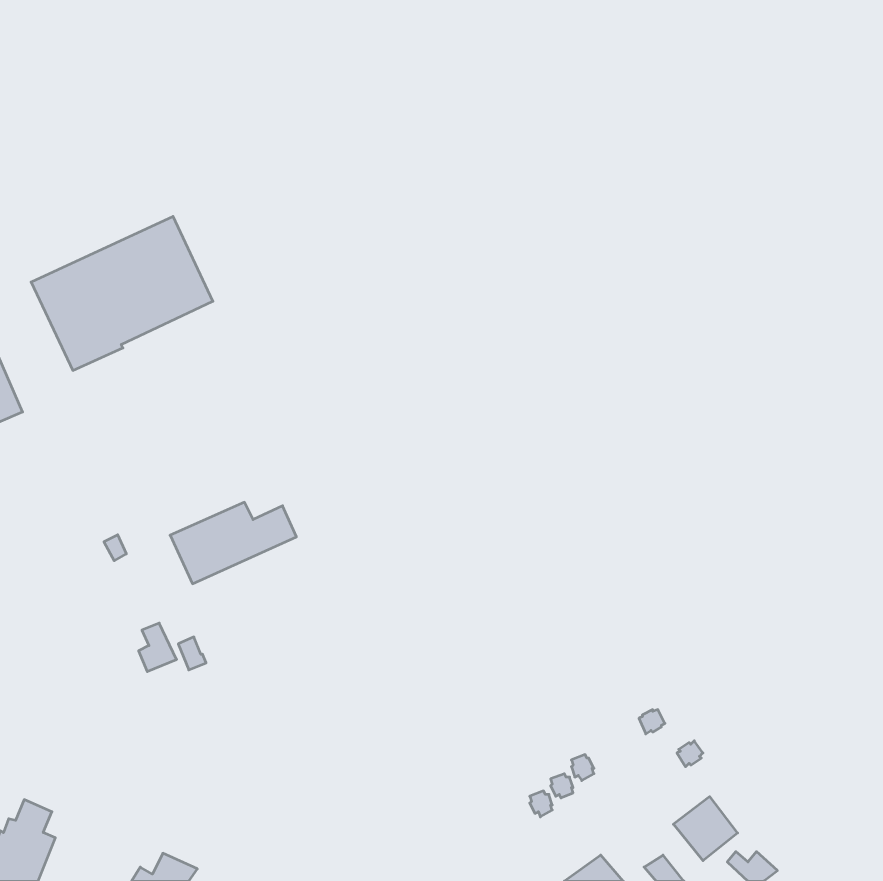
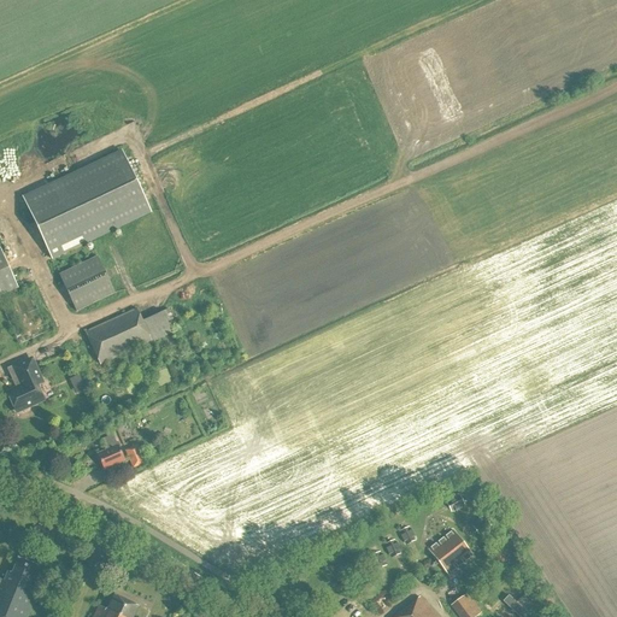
building: none -> [60,255,116,308]
building: [170,502,296,584] -> [83,307,171,364]
building: none -> [6,359,41,410]
building: [673,797,738,861] -> [427,529,471,574]

